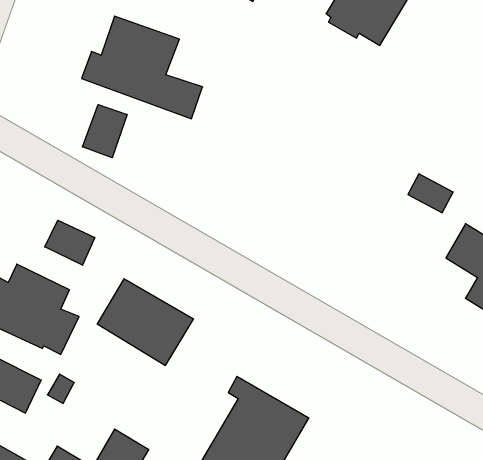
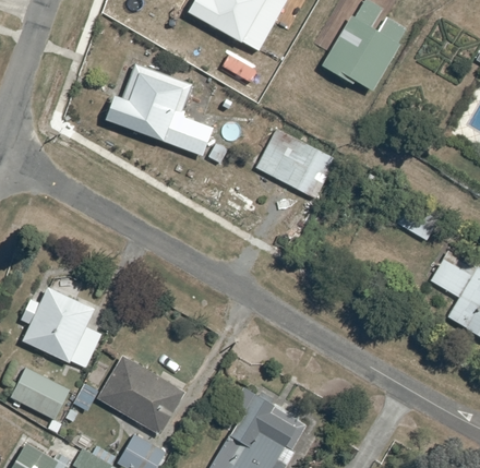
building: none -> [255,129,334,199]
building: [82,105,127,158] -> none
building: [45,220,95,265] -> none
building: [97,279,194,365] -> [98,357,184,434]

